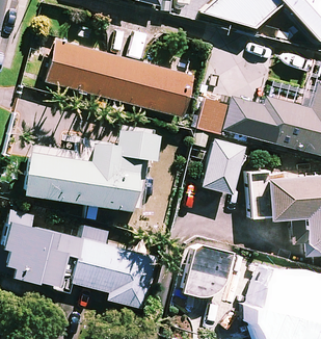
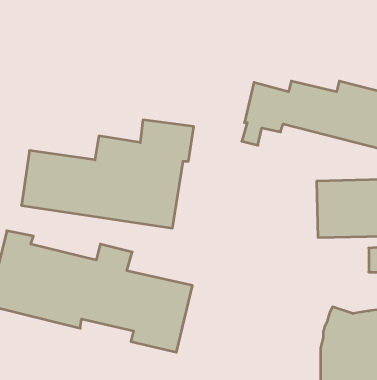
building: [48,42,194,118] -> none
building: [202,139,251,193] -> none
building: [183,241,234,296] -> none

